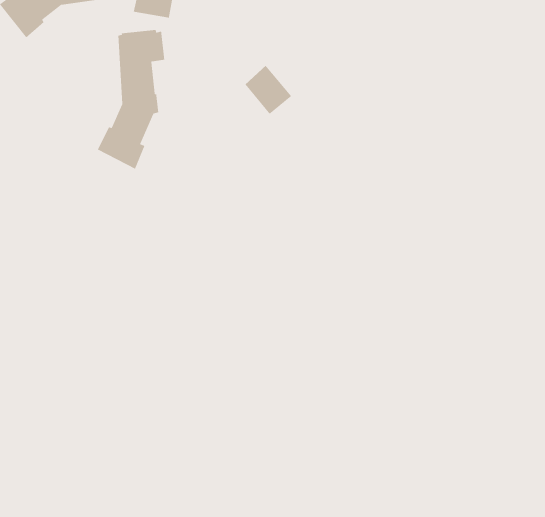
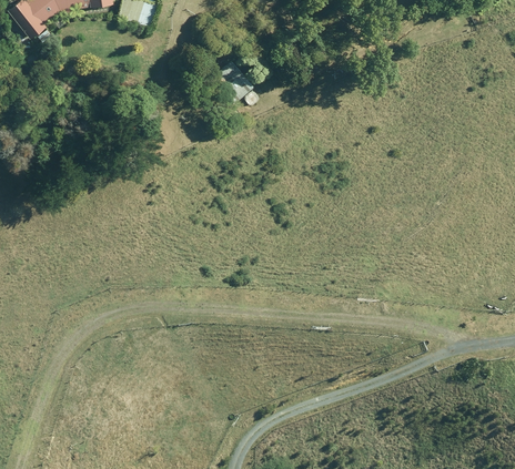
building: [97,29,165,170] -> none

